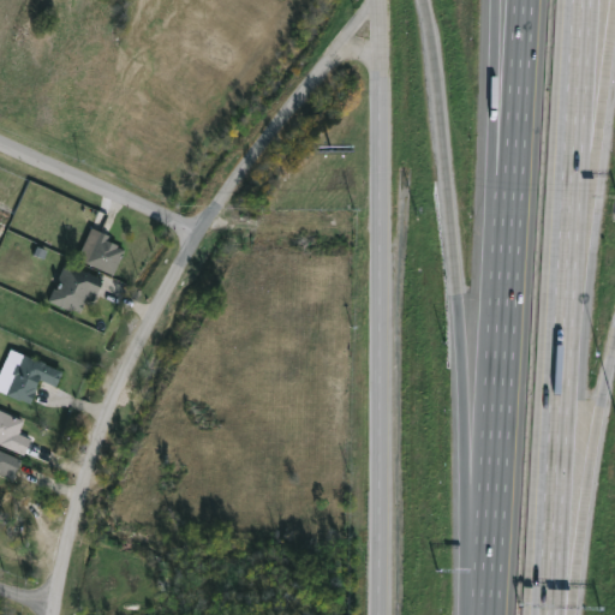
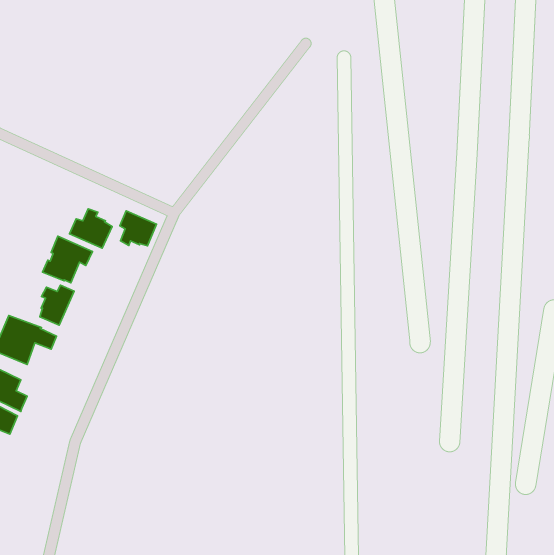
building: none -> [120,211,157,246]
building: none -> [40,285,74,325]

